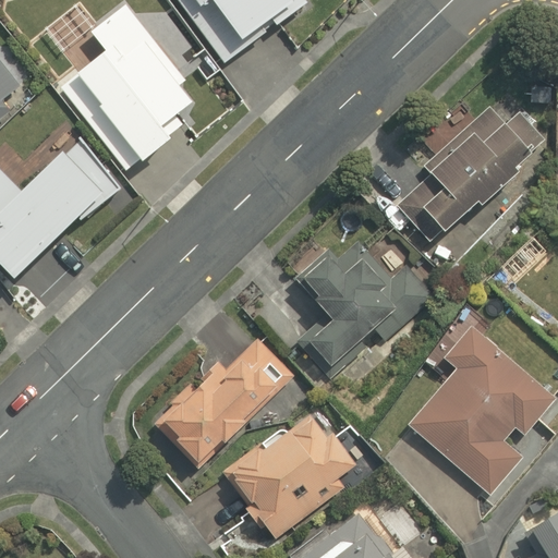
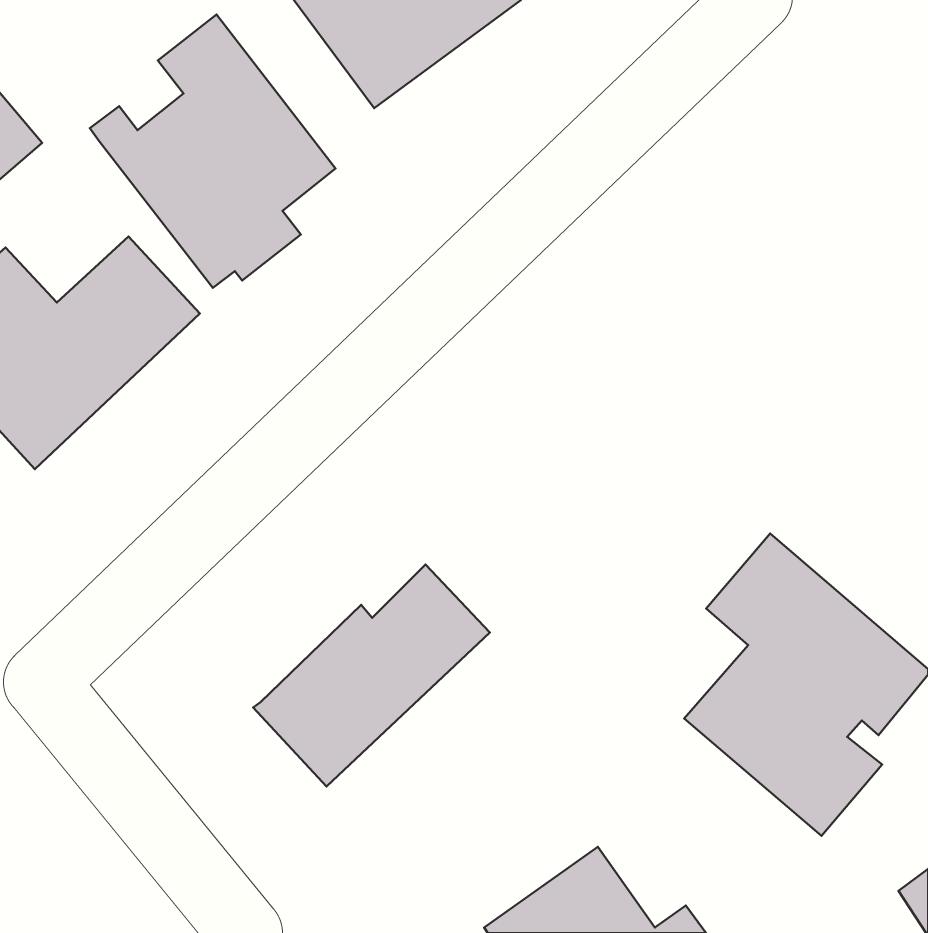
building: [398,104,537,245] -> none
building: [294,240,433,378] -> none
building: [215,402,354,543] -> none

